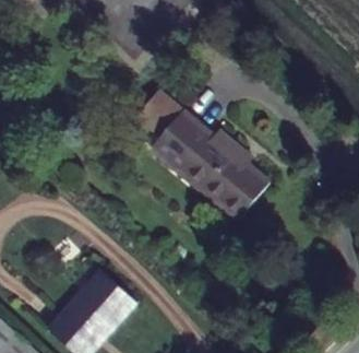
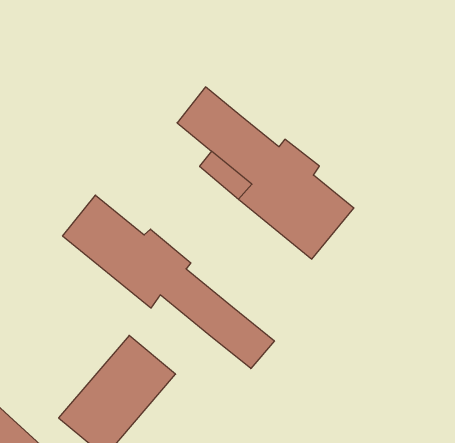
building: none -> [63,195,274,369]

